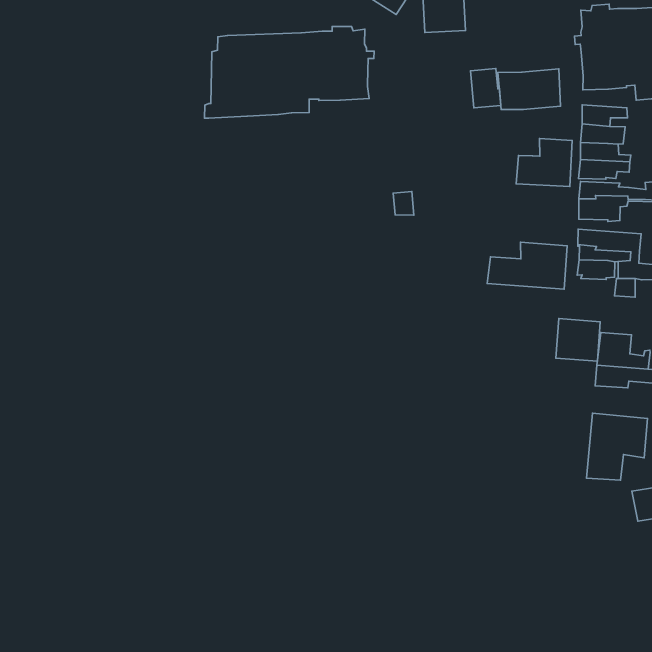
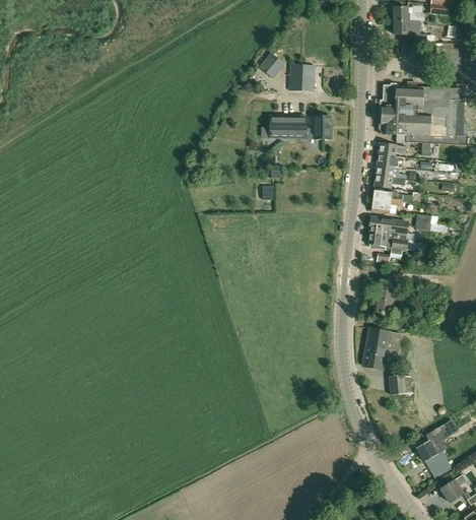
building: [205,26,374,118] -> none
building: [498,69,560,110] -> [270,115,307,138]
building: [516,139,572,186] -> none
building: [487,242,567,289] -> none
building: [556,318,600,361] -> none

